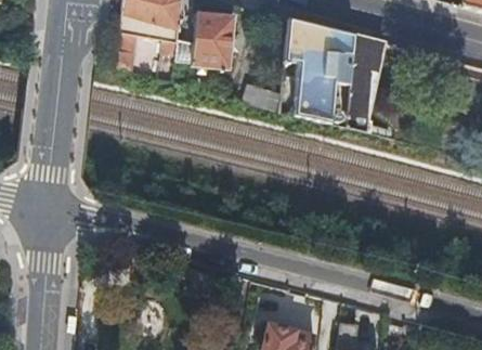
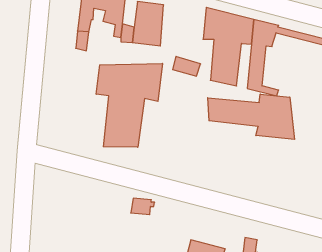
building: none -> [96,63,162,147]
building: none -> [208,94,294,139]

